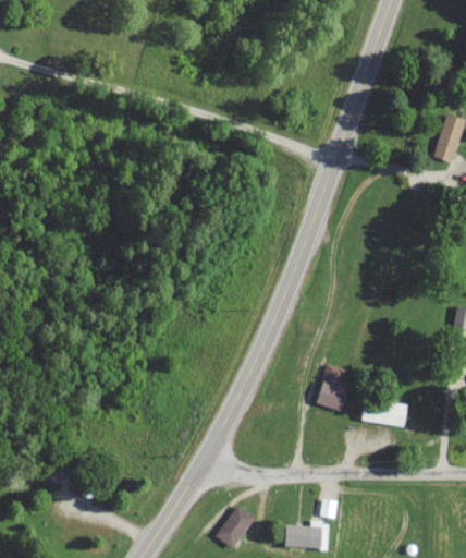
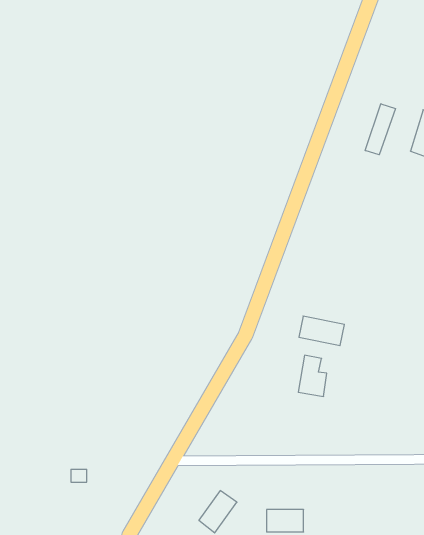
building: none -> [365,104,396,155]
building: [361,397,408,427] -> [299,316,344,346]

